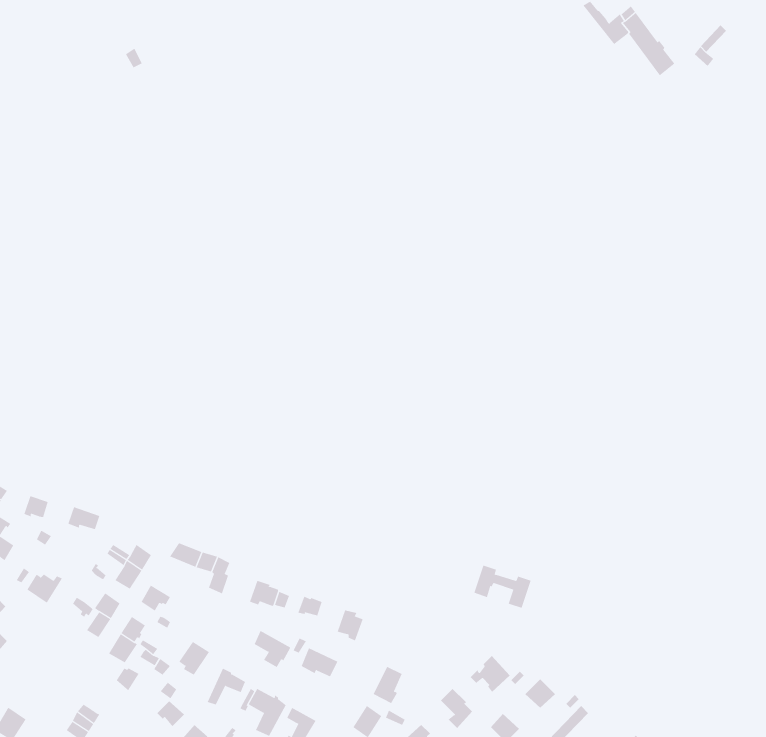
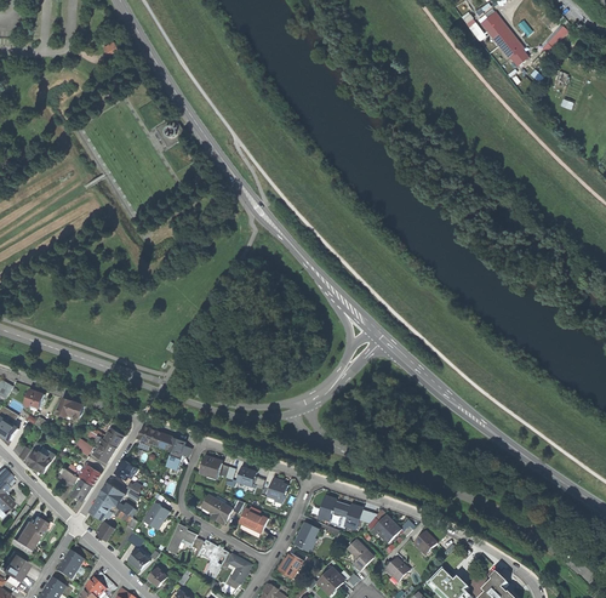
building: [474,565,531,609] -> [318,495,362,529]
building: none -> [11,516,45,553]

